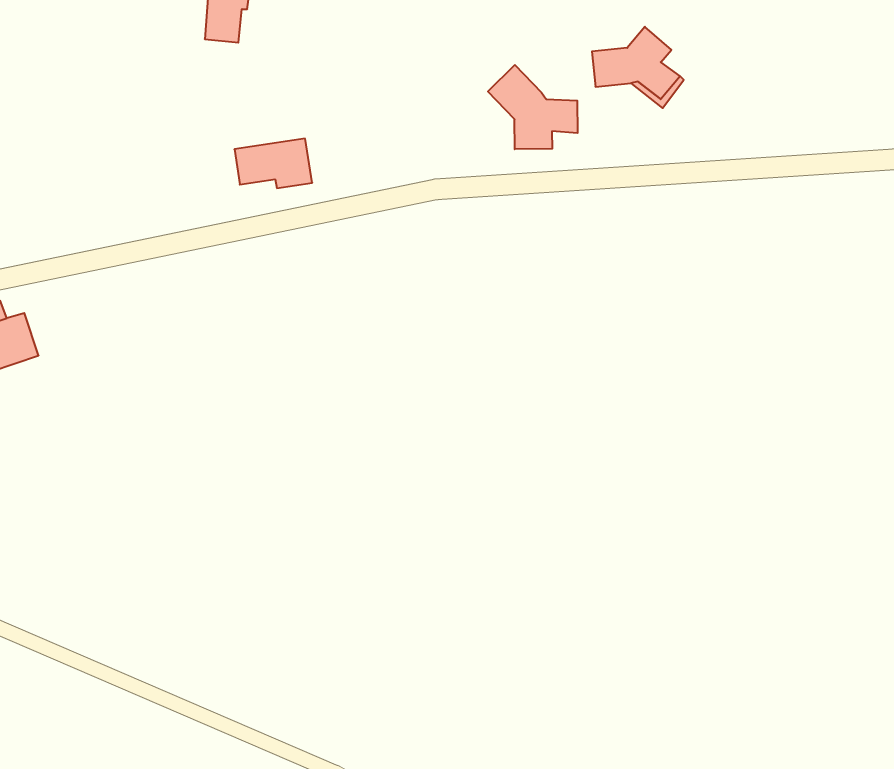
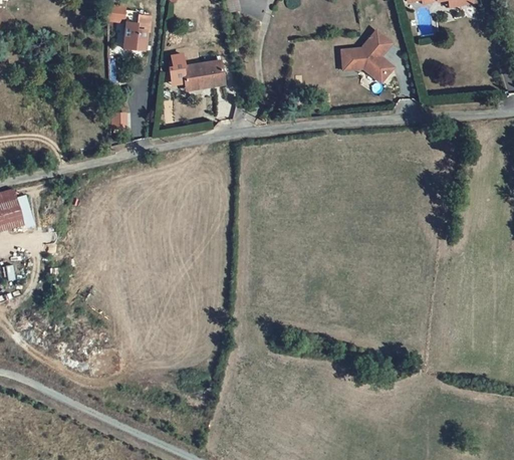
building: [488,65,578,149] -> none
building: [234,139,312,188] -> [180,60,224,88]

